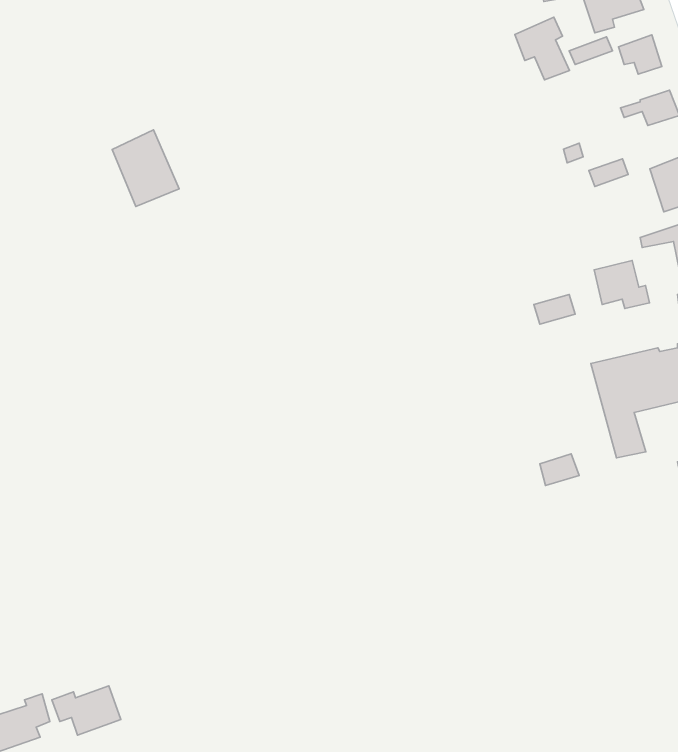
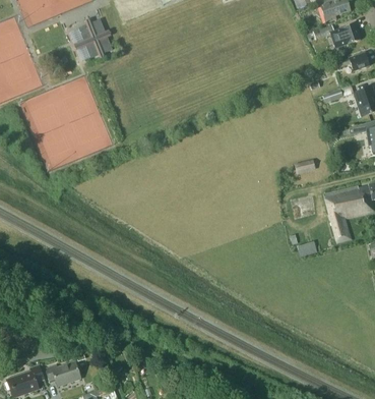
building: [515,17,570,80] -> none
building: [112,130,179,206] -> [78,17,113,57]
building: [594,261,649,309] -> none

